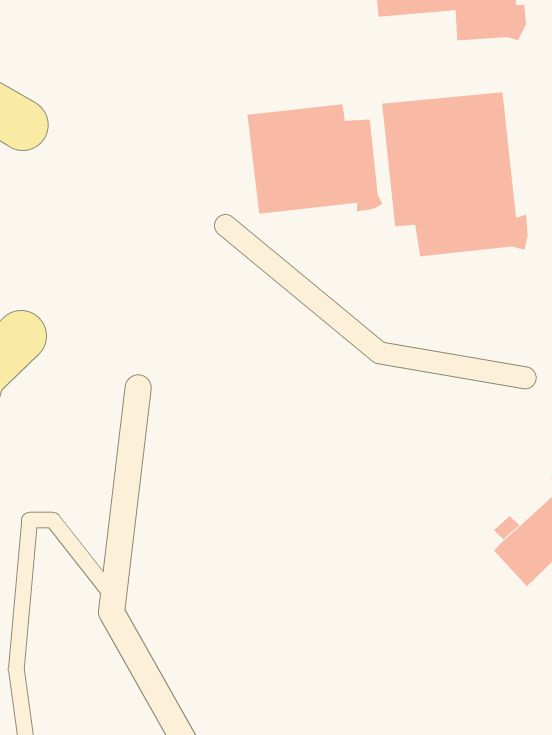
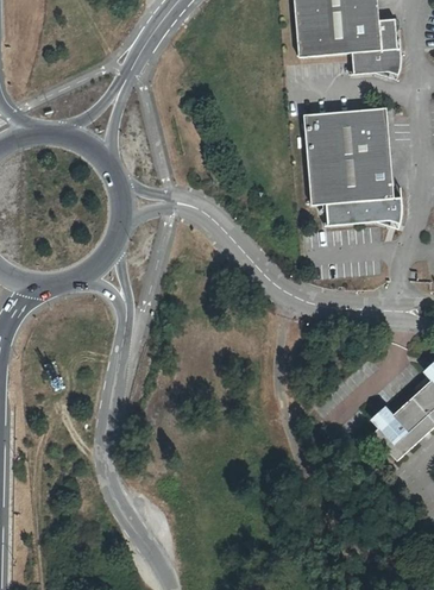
building: [247,104,383,214] -> none

